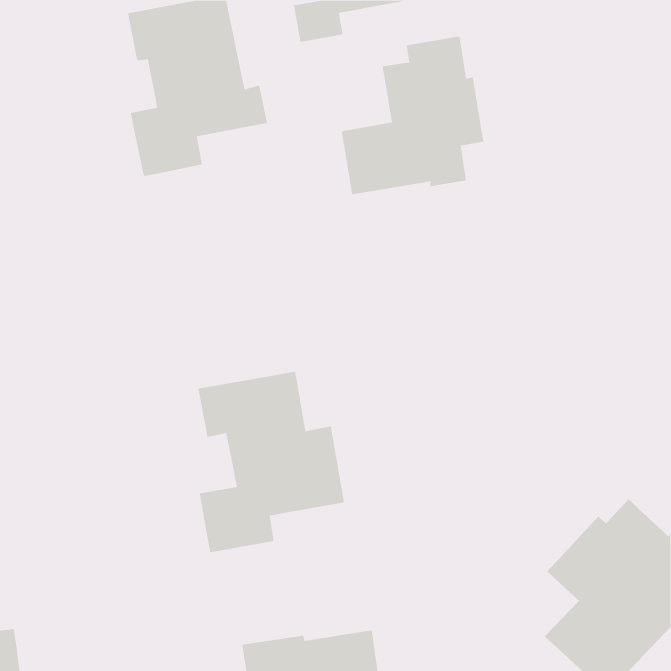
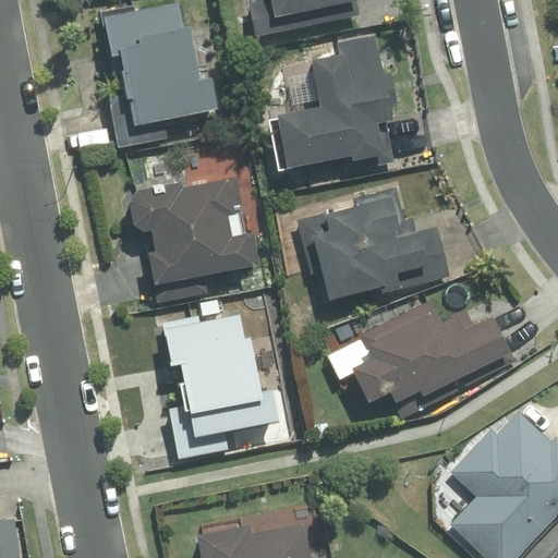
building: none -> [125,178,257,283]
building: none -> [293,195,448,296]
building: none -> [328,305,512,400]

